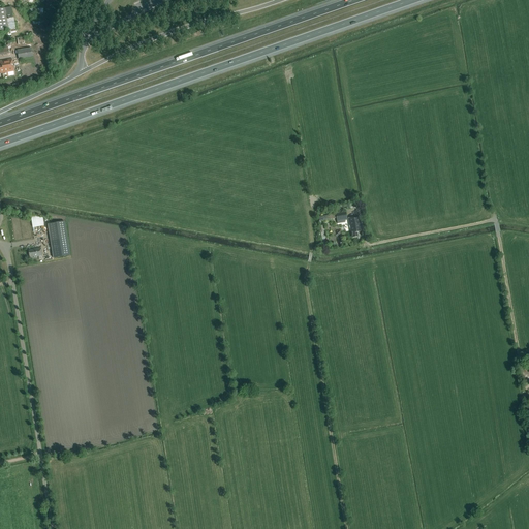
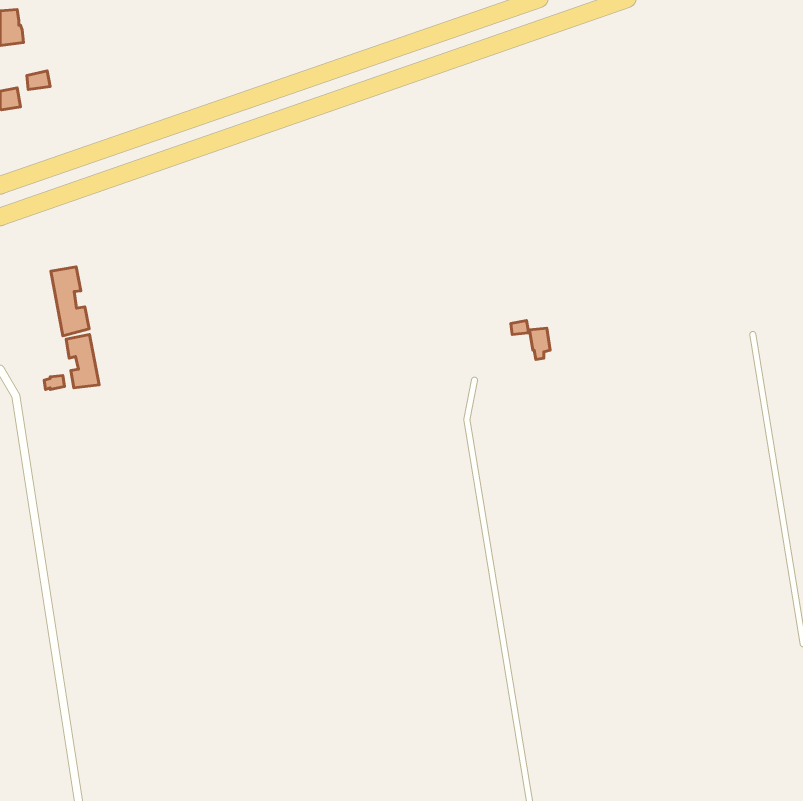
building: none -> [51,267,89,336]

